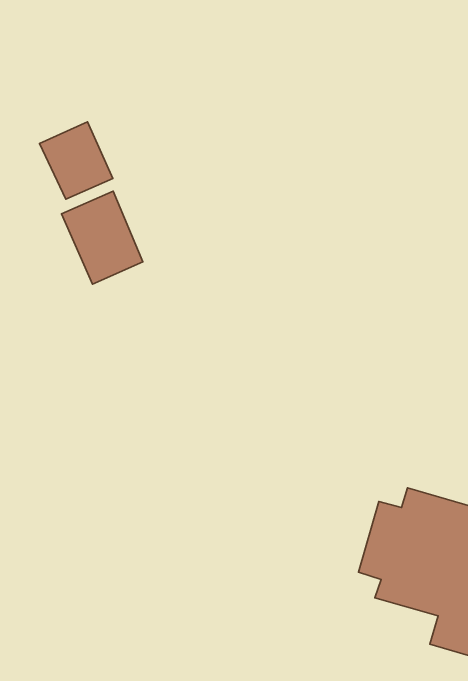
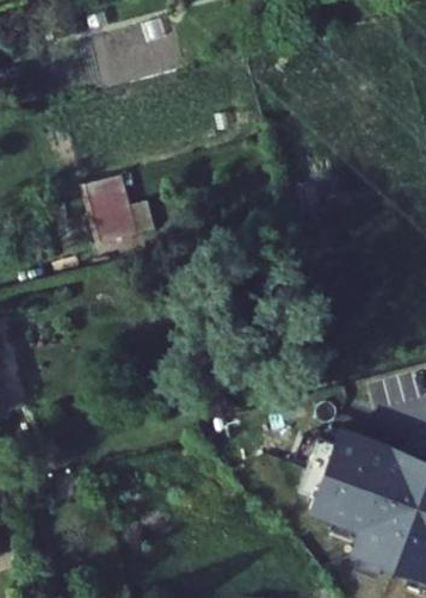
building: [40,122,113,199] -> none

